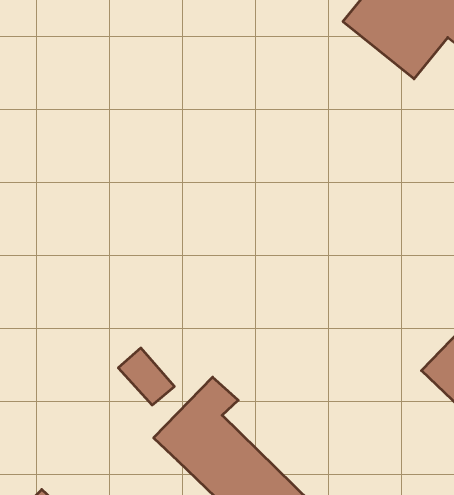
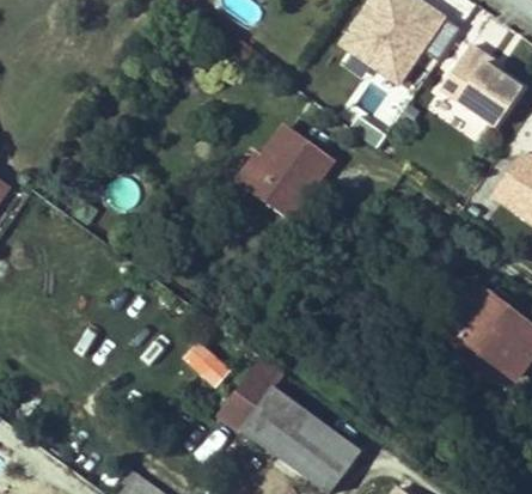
building: none -> [240,126,334,220]

